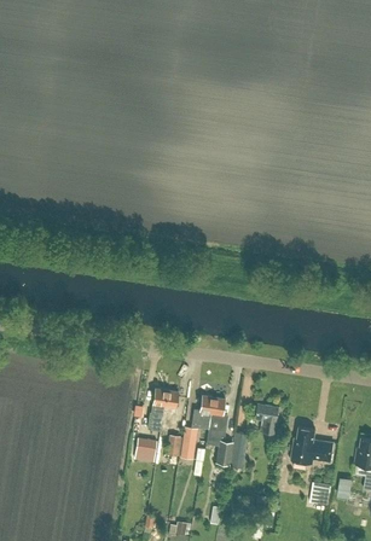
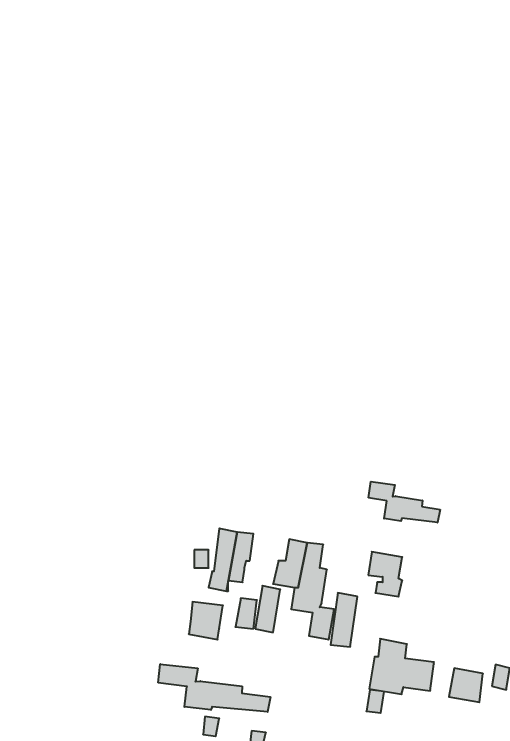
building: none -> [369,482,440,523]
building: [290,426,334,464] -> [369,639,434,694]
building: none -> [158,664,270,712]

